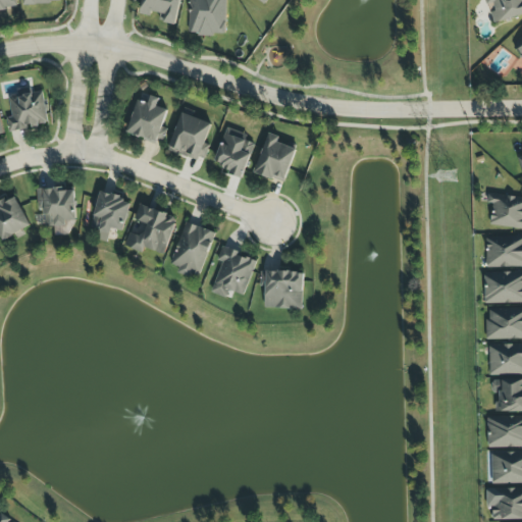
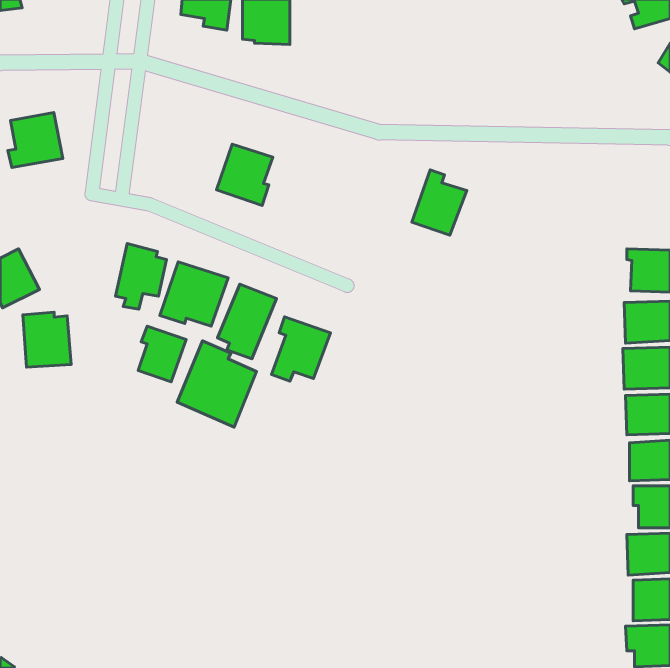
building: [127,95,167,142] -> none
building: [216,126,254,176] -> none
building: [254,132,297,182] -> [412,170,467,235]
building: [39,187,76,229] -> [23,312,71,367]
building: none -> [138,326,186,382]
building: none -> [177,341,257,427]
building: [260,270,304,309] -> none

